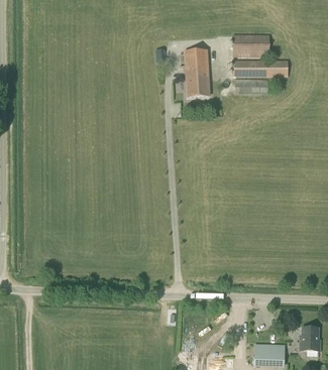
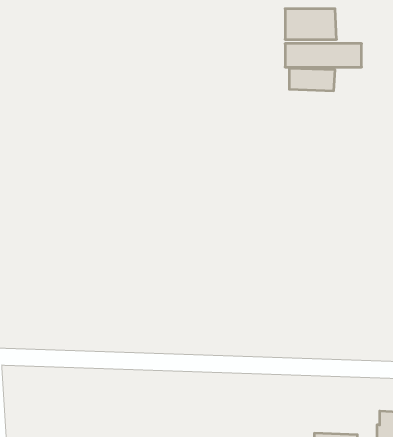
building: [185,50,209,96] -> none

